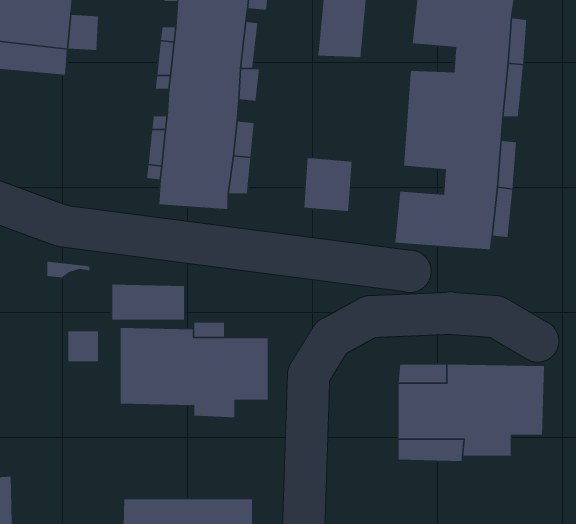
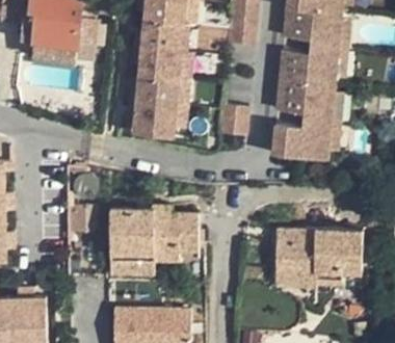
building: [111,284,185,320] -> [110,254,154,275]

